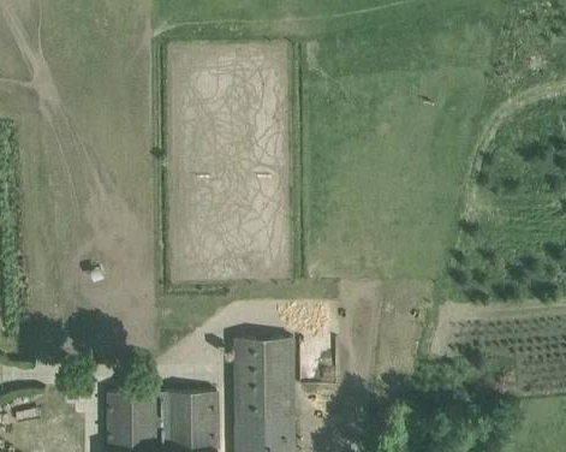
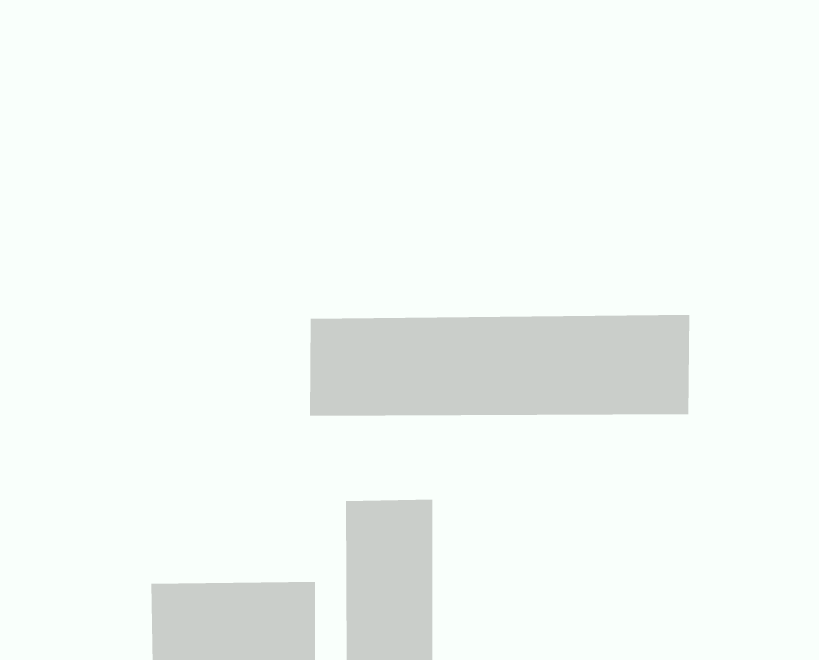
building: none -> [309,314,690,417]

